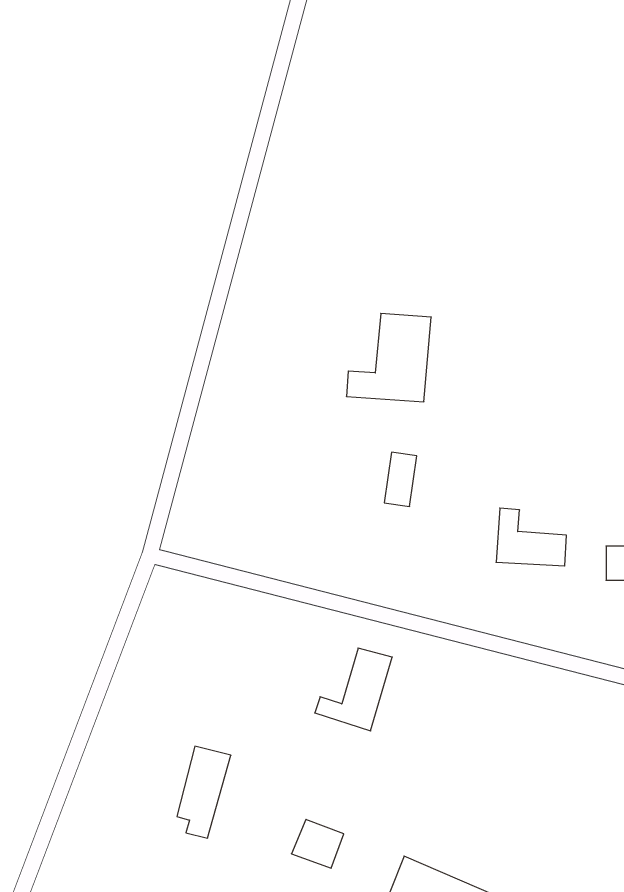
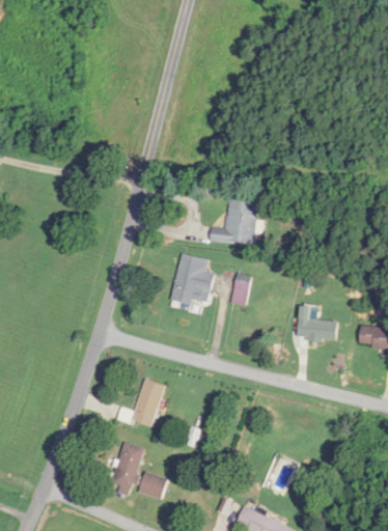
building: none -> [171,253,214,305]
building: [315,648,392,731] -> [118,381,163,428]
building: [291,819,344,868] -> [137,472,167,500]

